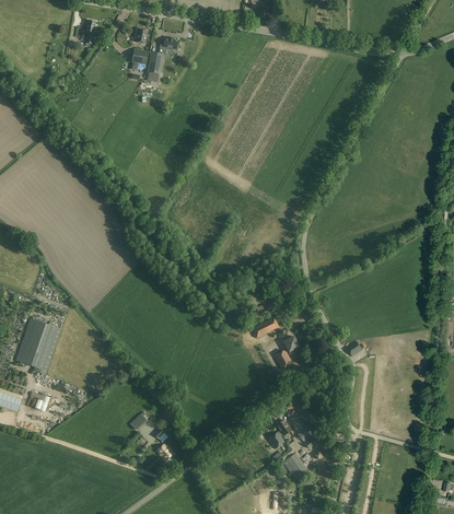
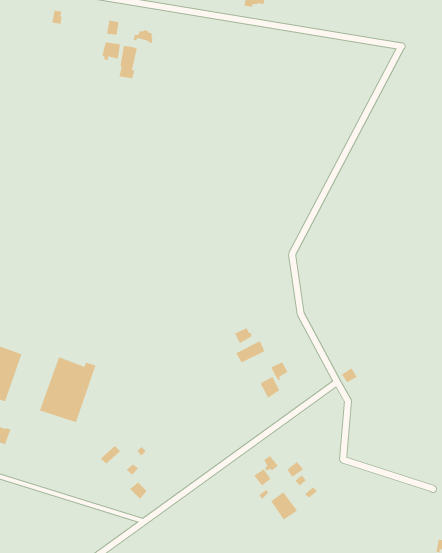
building: none -> [39,356,97,423]

